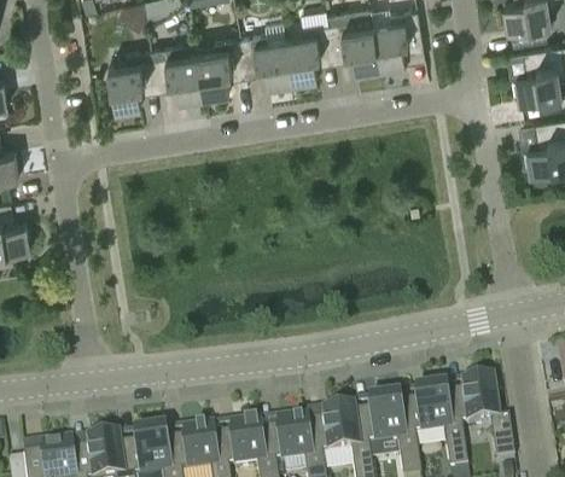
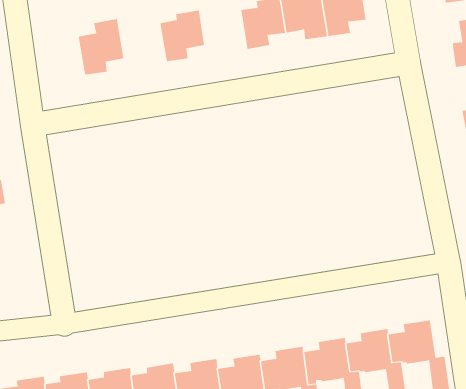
building: [240,39,292,89] -> none
building: [151,46,204,104] -> none

